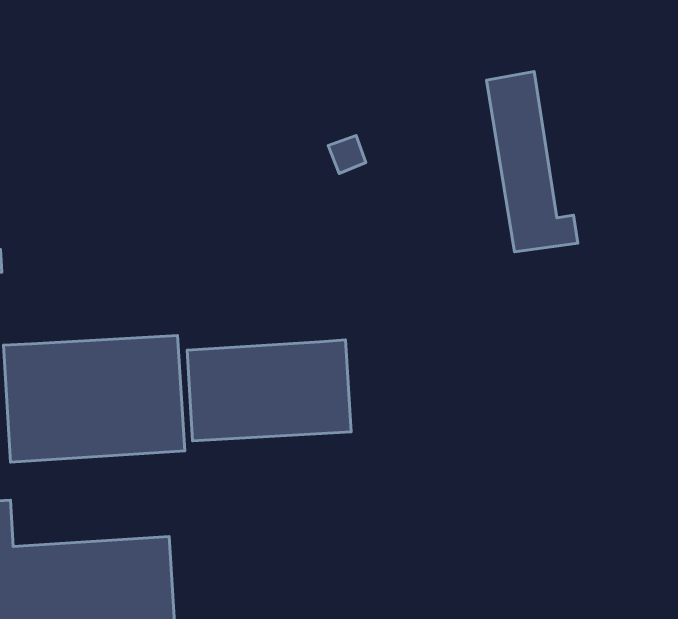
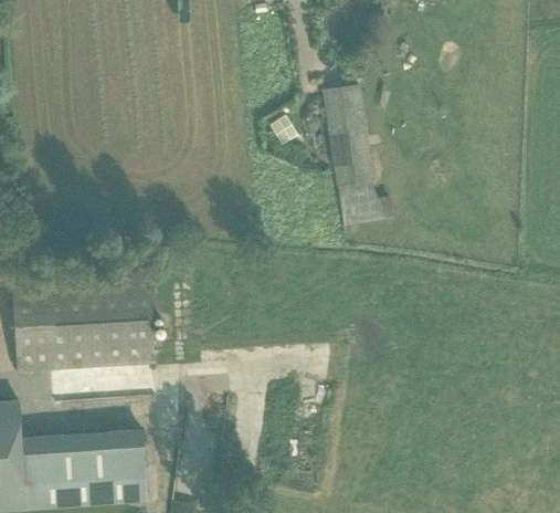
building: [486,72,578,252] -> [320,84,392,226]
building: [187,340,351,441] -> none

